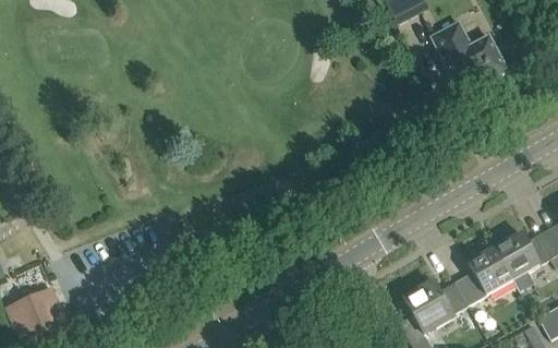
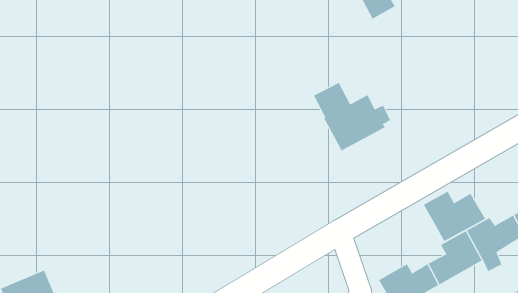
building: [432,21,513,94] -> [313,82,391,151]
building: none -> [423,191,486,242]

